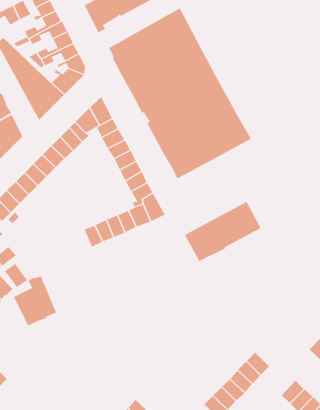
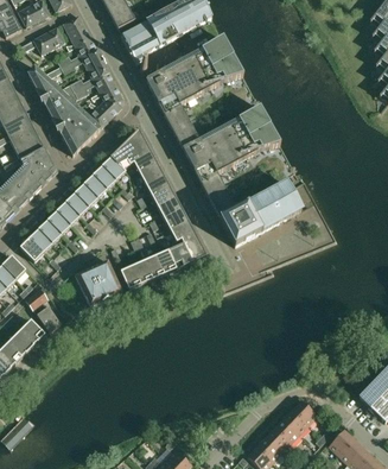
building: [184,201,262,262] -> [218,179,300,243]
building: [13,276,57,326] -> [75,251,121,304]

